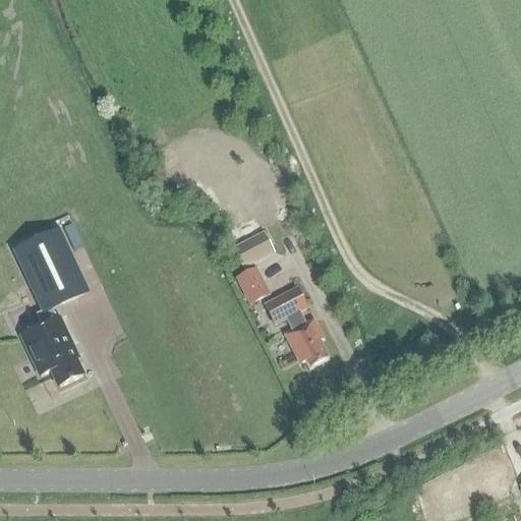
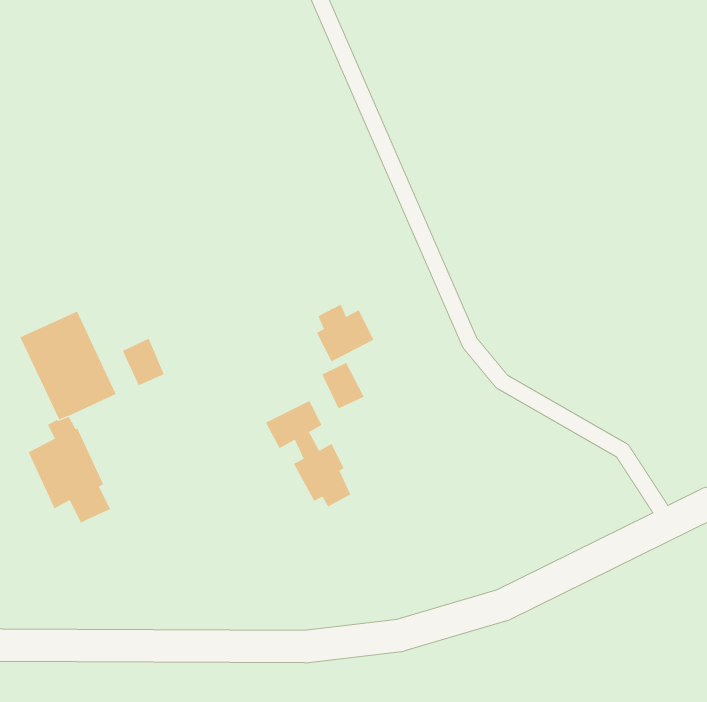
building: none -> [122,338,165,386]
building: [265,286,328,364] -> [265,400,351,507]

